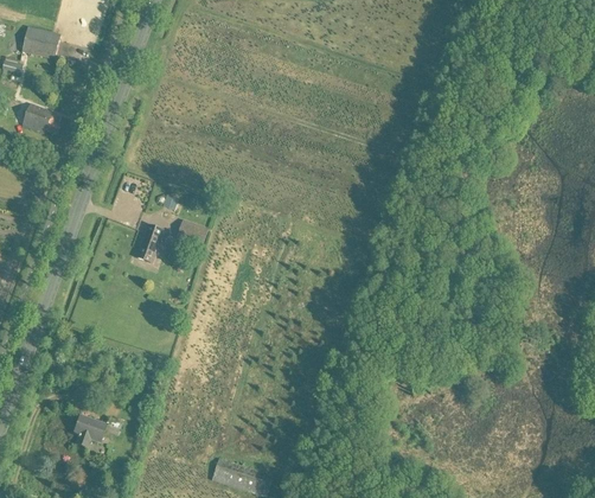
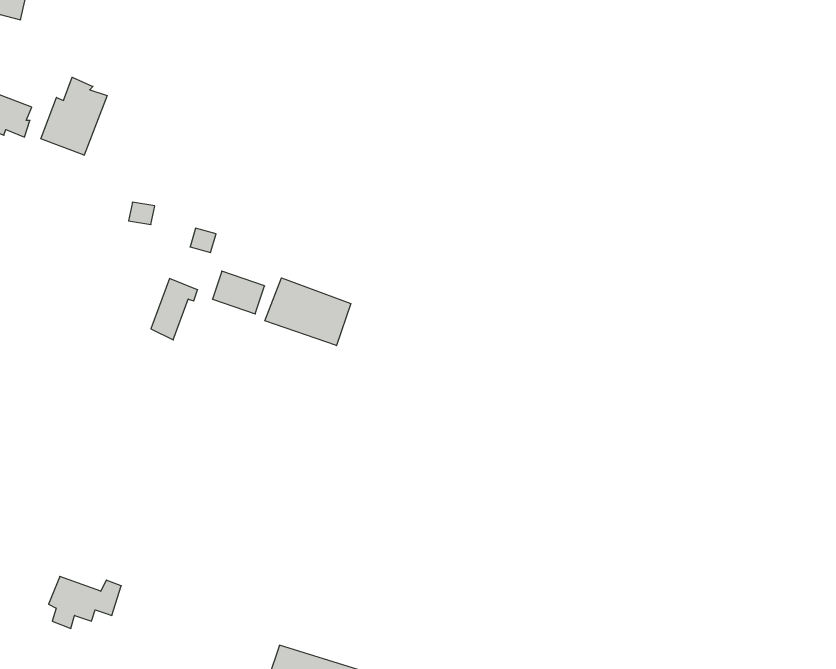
building: none -> [41,77,107,155]
building: none -> [265,278,351,346]

